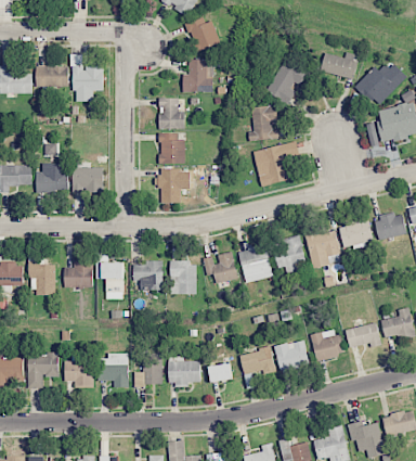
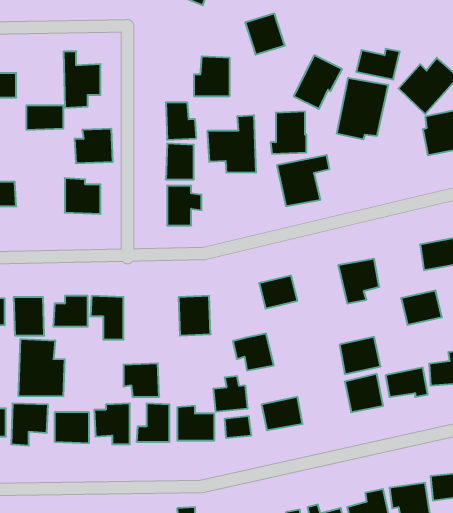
building: [186,16,220,51] -> [245,14,285,55]
building: [36,66,67,87] -> [26,105,63,130]
building: none -> [337,78,388,139]
building: none -> [208,115,256,173]
building: [36,163,68,192] -> [74,129,113,163]
building: [339,219,374,248] -> [401,290,442,325]
building: [275,236,306,271] -> none
building: [204,252,238,283] -> [233,334,274,371]
building: [133,261,164,290] -> [123,363,159,397]
building: none -> [18,339,64,396]
building: none -> [214,376,247,412]
building: [275,340,310,371] -> [340,337,381,374]

